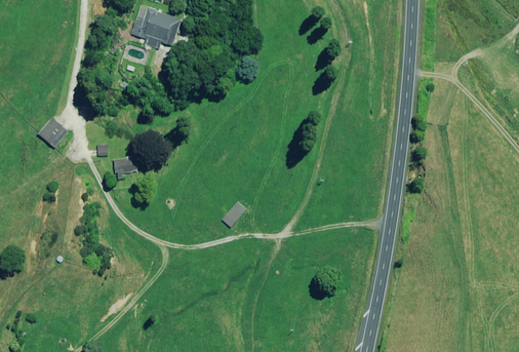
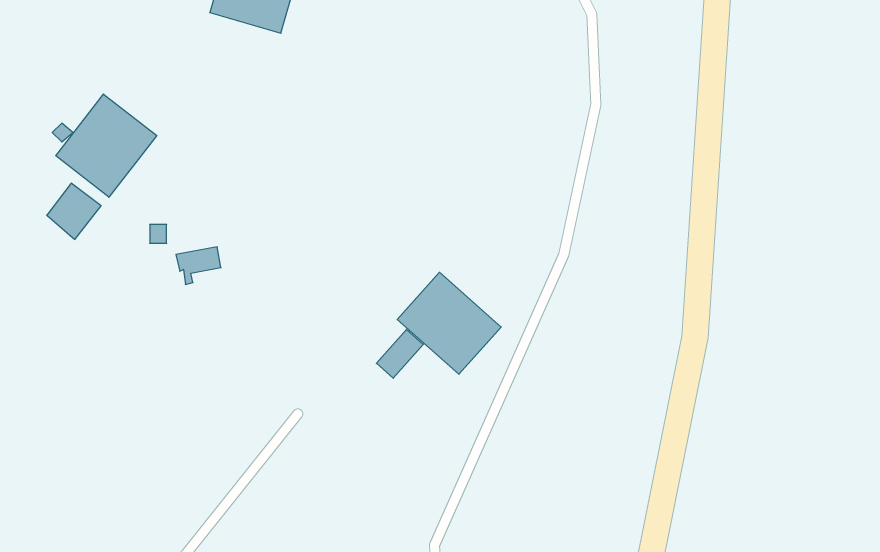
building: none -> [56,94,157,197]
building: none -> [397,272,501,374]

